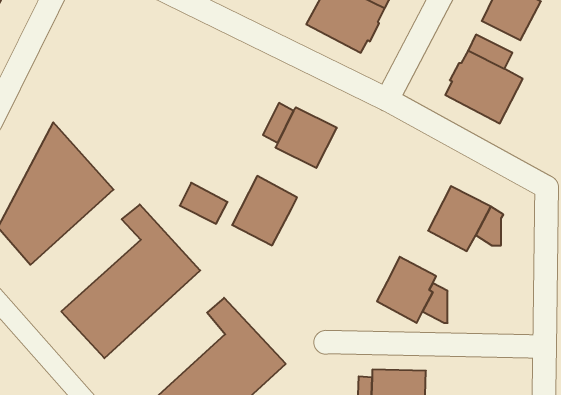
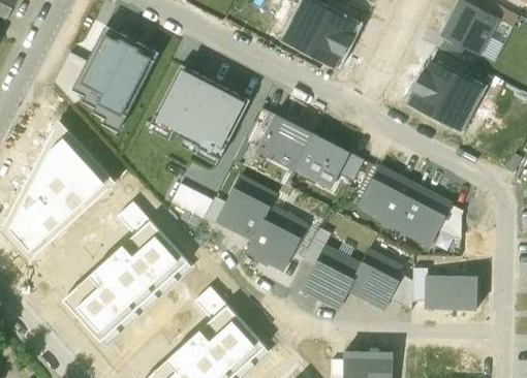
building: none -> [71,26,157,122]
building: none -> [150,65,249,158]
building: none -> [292,133,349,189]
building: none -> [358,167,414,226]
building: none -> [246,207,306,271]
building: none -> [301,247,360,308]
building: none -> [426,276,475,310]

